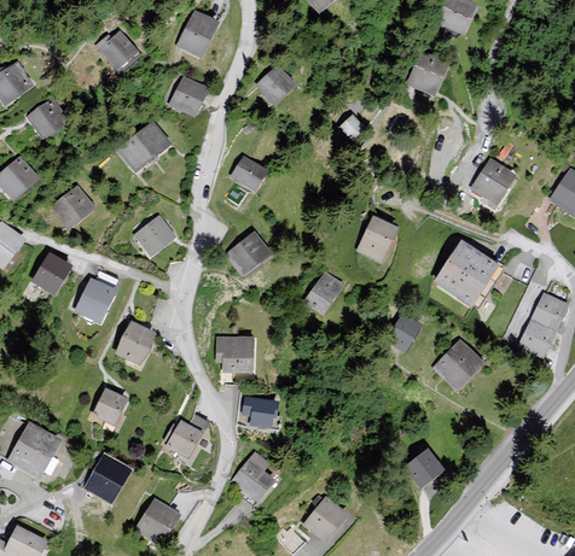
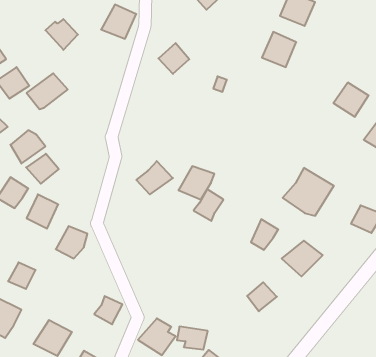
building: [167,72,211,117] -> none
building: [114,122,172,172] -> [27,73,68,109]
building: [226,154,271,192] -> none
building: [469,157,518,205] -> [333,83,369,117]
building: [128,215,174,257] -> [26,154,59,184]
building: [355,215,406,262] -> [178,166,214,200]
building: [512,317,557,365] -> none
building: [209,335,256,373] -> none
building: [88,388,127,426] -> [8,262,36,289]
building: [239,396,283,428] -> [177,327,208,350]
building: [403,447,446,488] -> [247,282,277,311]

